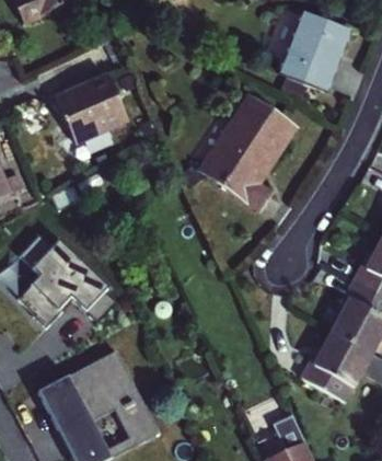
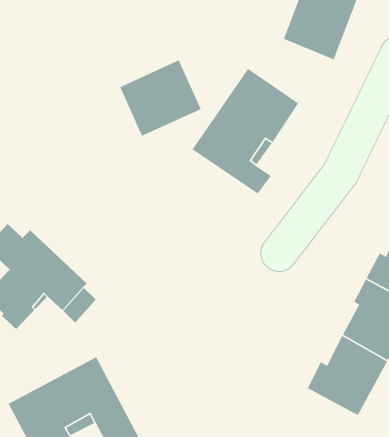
building: [55,74,127,142] -> [119,59,202,137]

